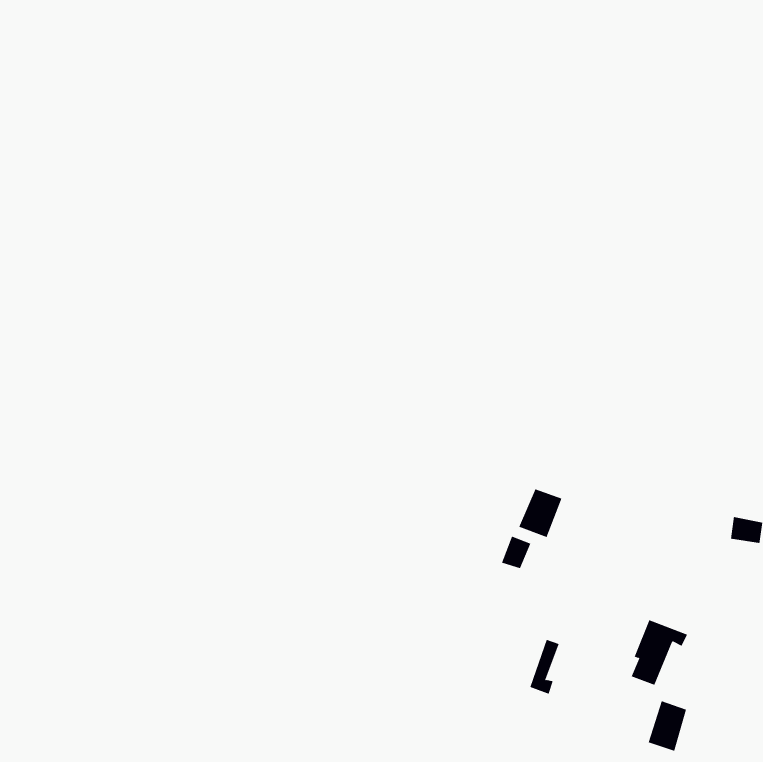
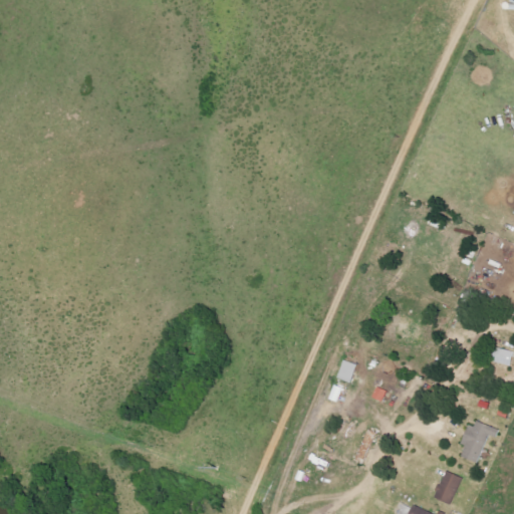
building: [519,489,562,538] -> none
building: [631,619,688,685] -> [460,419,498,463]

